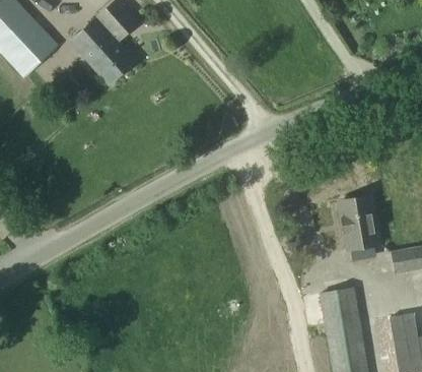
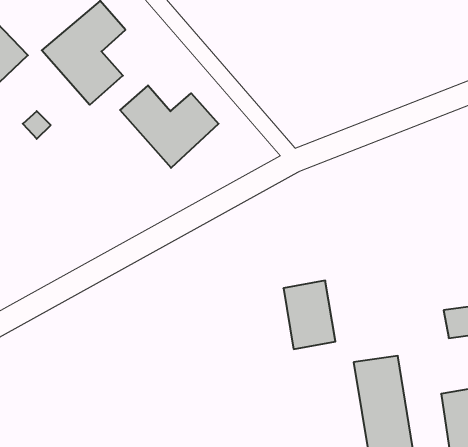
building: none -> [120,85,219,168]
building: [338,195,379,250] -> [283,281,335,349]

